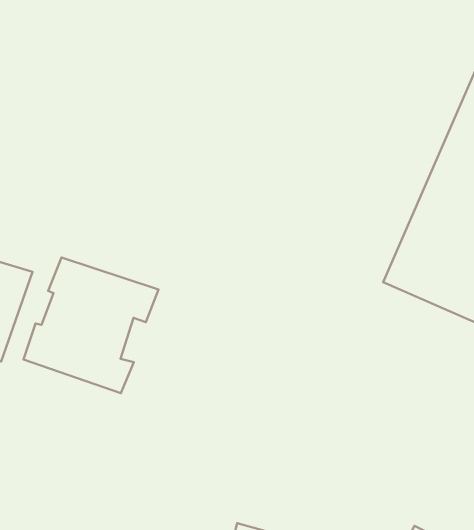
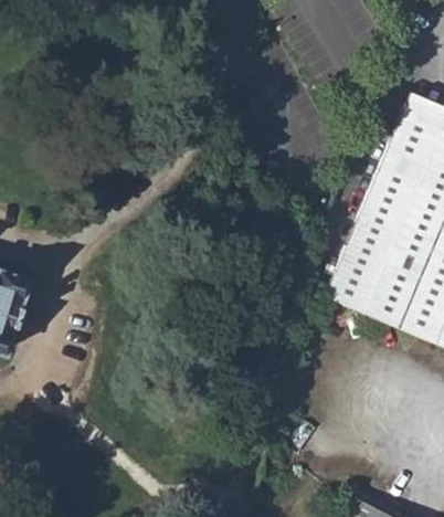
building: [23,257,159,393] -> none

